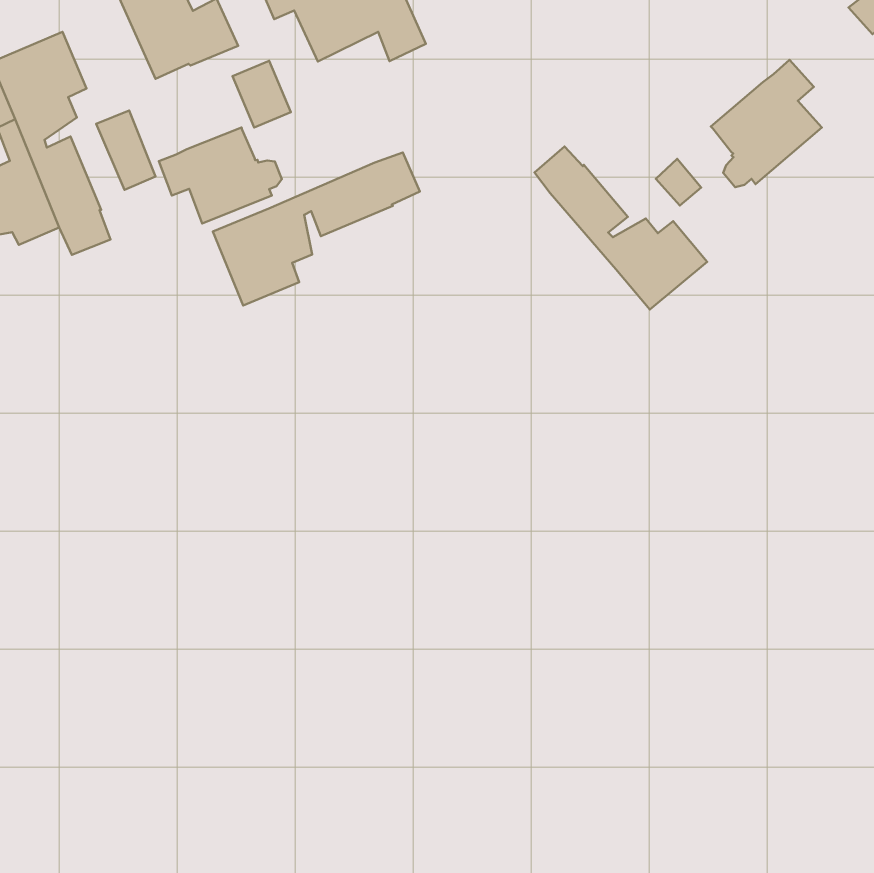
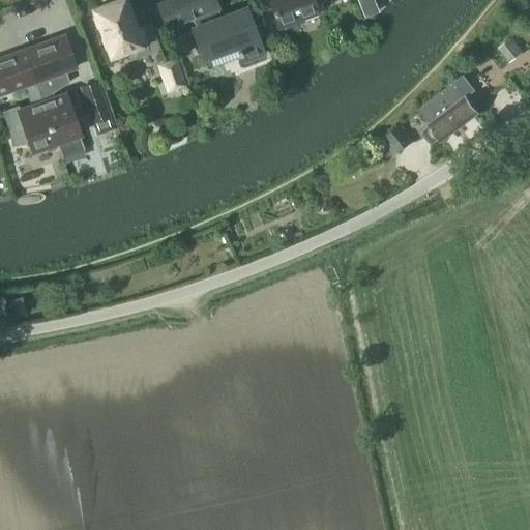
building: [159,127,282,223] -> none
building: [534,146,707,310] -> none
building: [213,152,420,306] -> none

